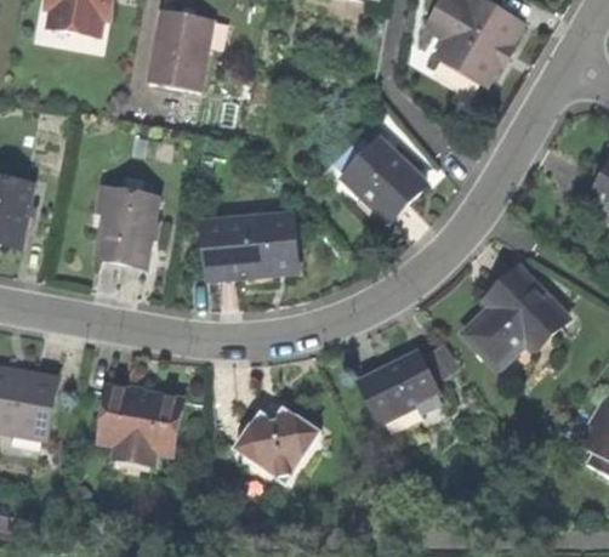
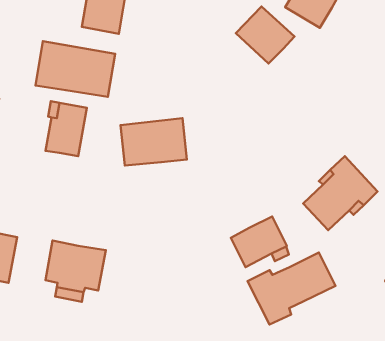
building: none -> [36,41,115,97]
building: [342,138,425,218] -> [236,6,294,63]
building: none -> [247,253,335,325]
building: [234,405,319,483] -> none

